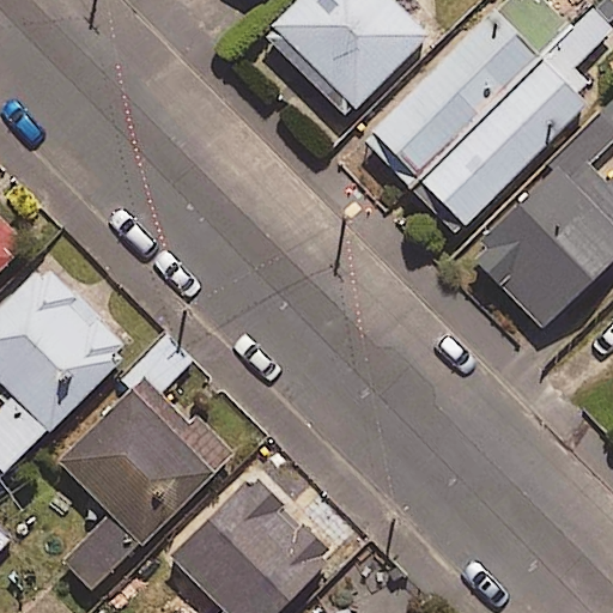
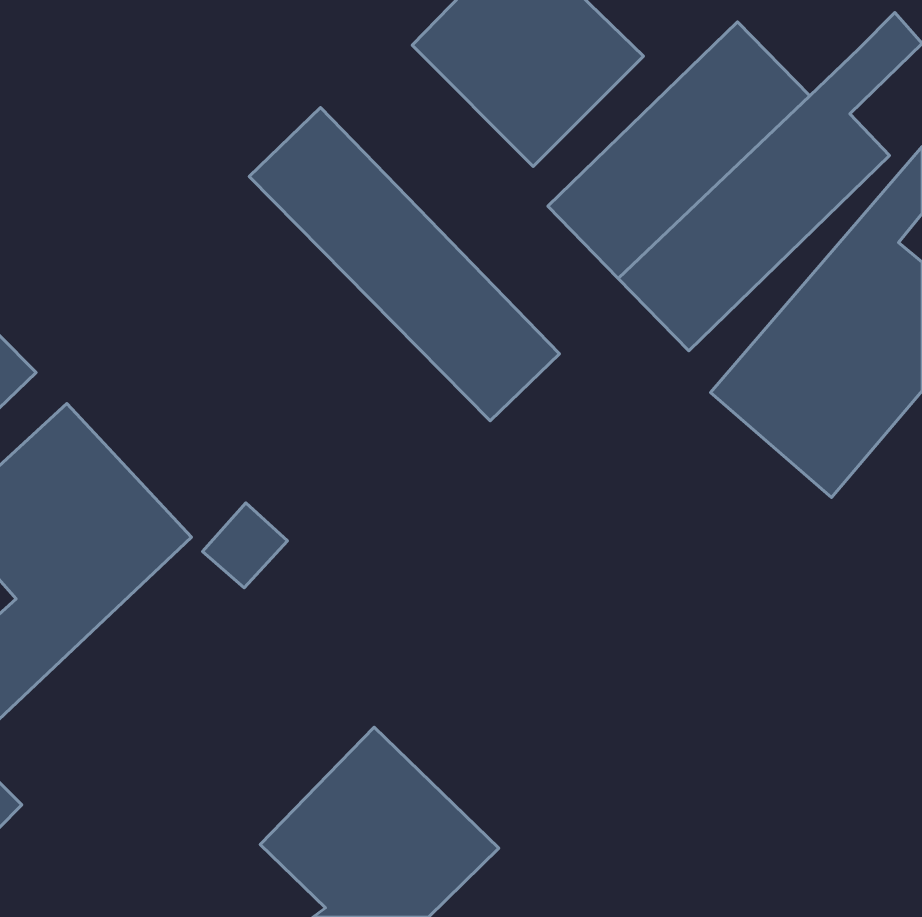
building: none -> [249,108,560,421]
building: [60,382,220,590] -> none

